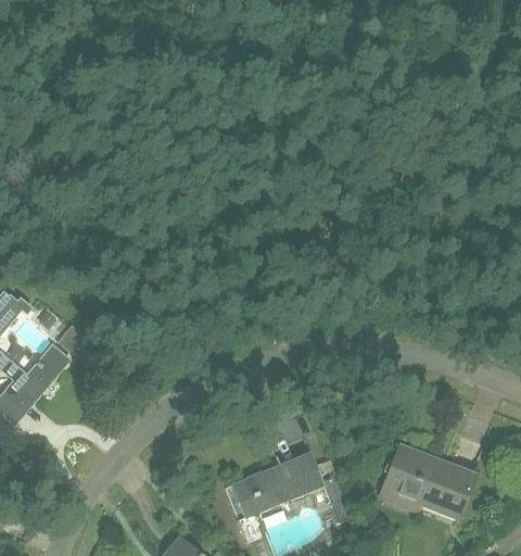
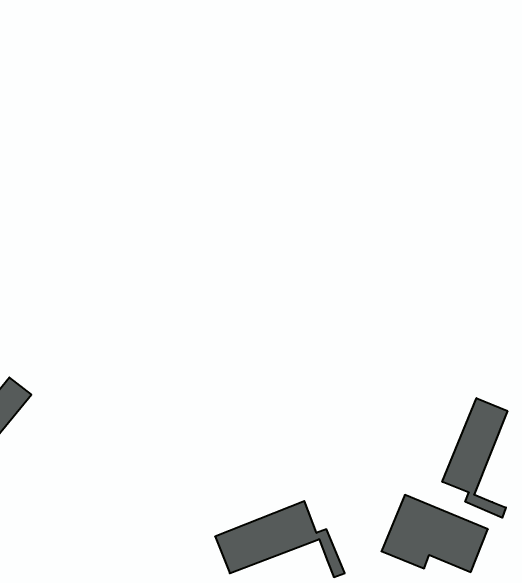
building: none -> [442,398,507,518]

